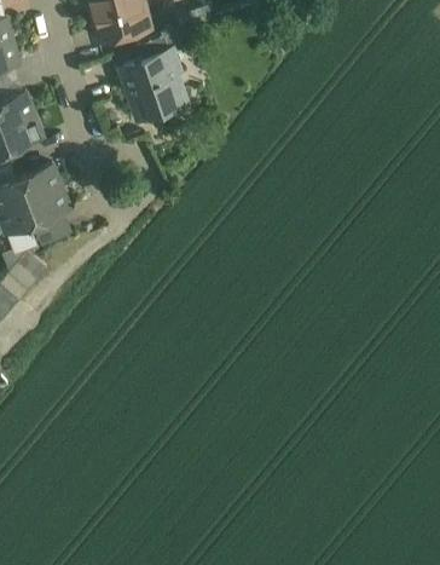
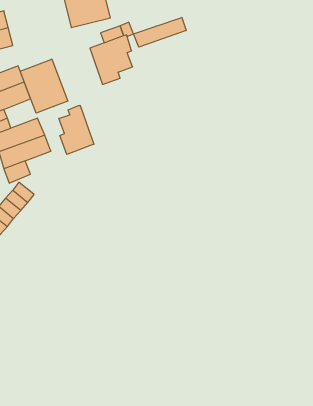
building: none -> [133,17,186,47]
building: none -> [20,59,68,113]
building: none -> [59,105,94,154]

